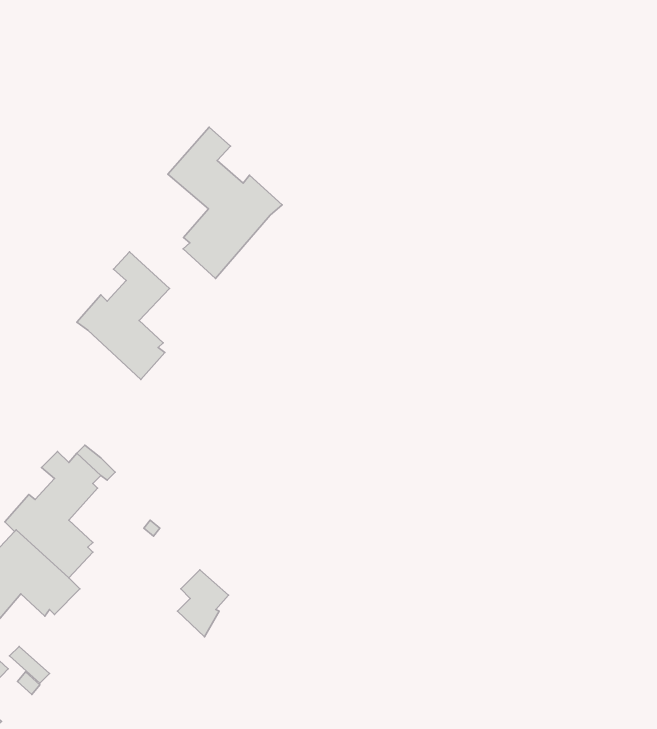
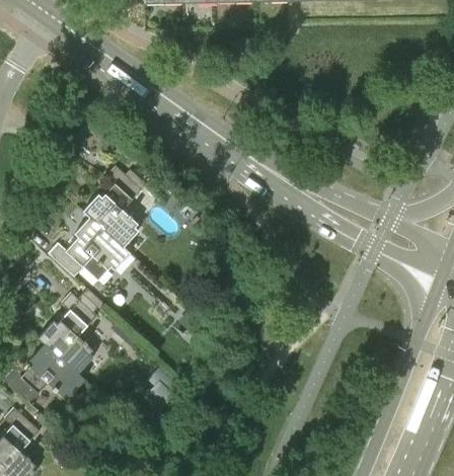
building: [168,127,282,279] -> none
building: none -> [48,216,131,282]

